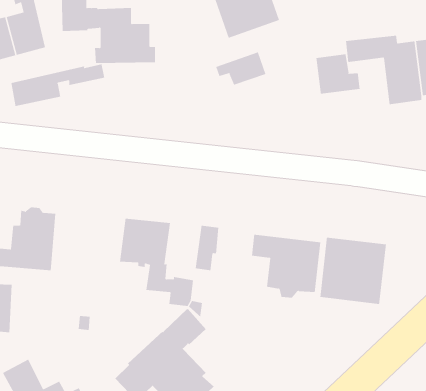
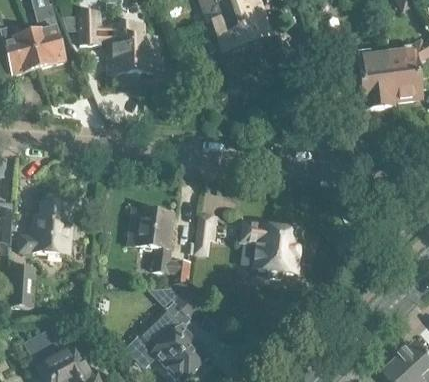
building: [216,52,266,86] -> none
building: [316,54,360,94] -> none
building: [11,64,105,107] -> none
building: [320,237,387,305] -> none

